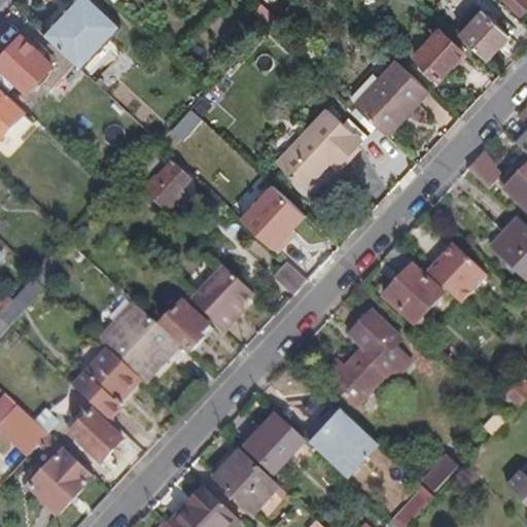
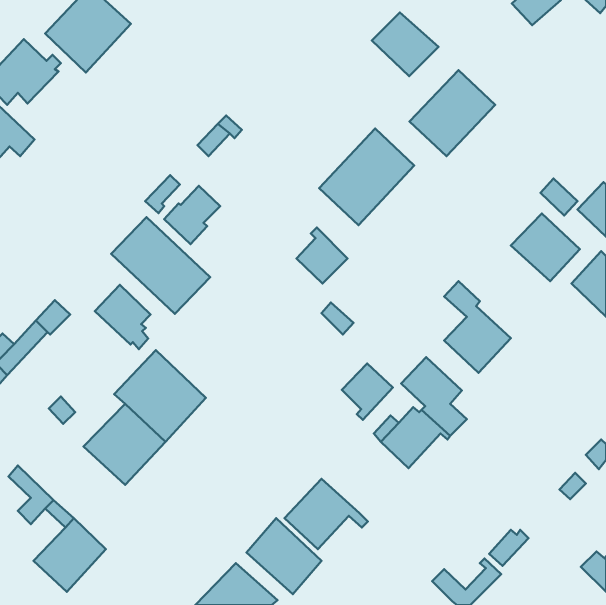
building: [459,10,506,58] -> none
building: none -> [372,12,438,76]
building: [413,29,462,77] -> none
building: none -> [111,217,210,314]
building: [426,243,486,302] -> [511,213,580,281]
building: [189,264,251,329] -> none
building: [160,300,208,355] -> [95,285,151,349]
building: none -> [342,364,393,420]
building: [64,411,120,461] -> none
building: [311,411,378,478] -> none

